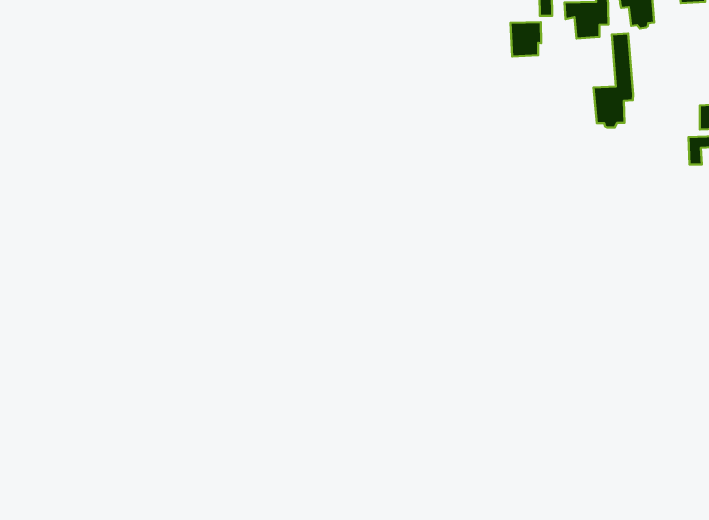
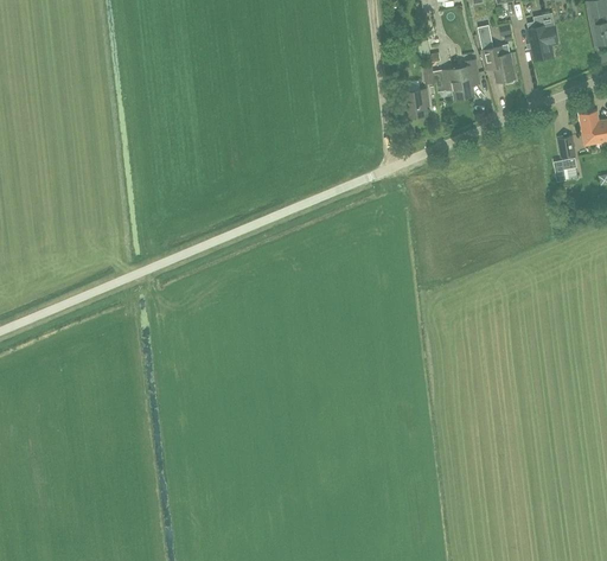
building: [594,34,633,128] -> none

